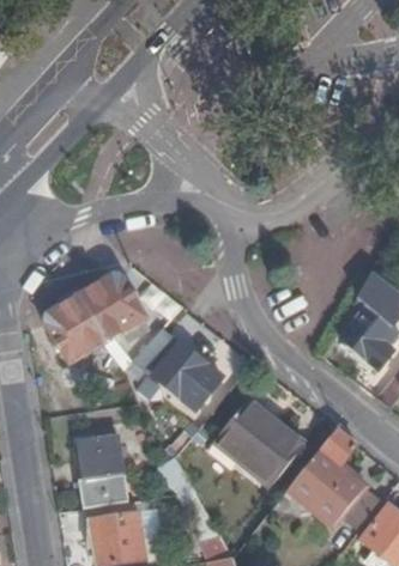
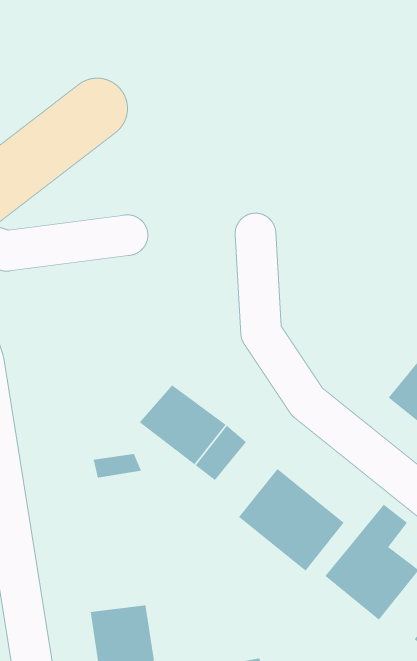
building: [47,275,146,364] -> none
building: [78,436,132,510] -> none

